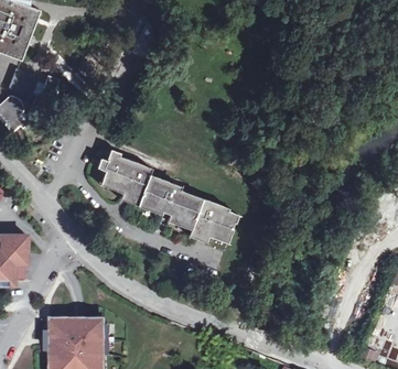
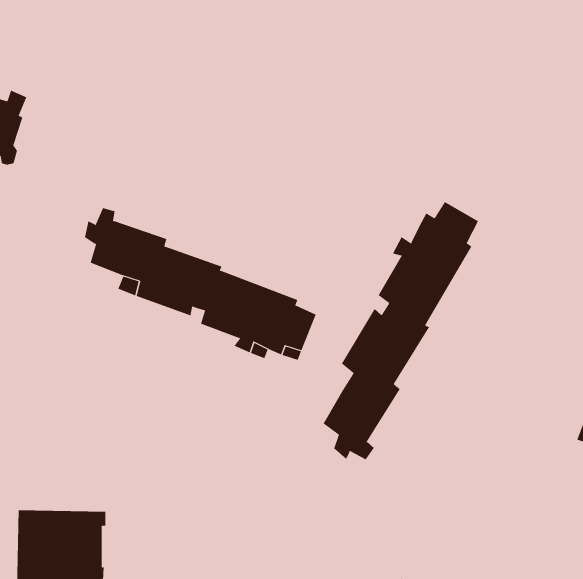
building: none -> [323,201,479,460]

